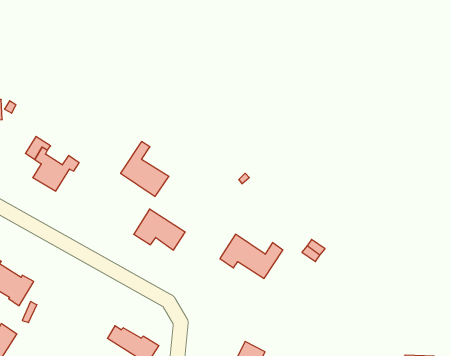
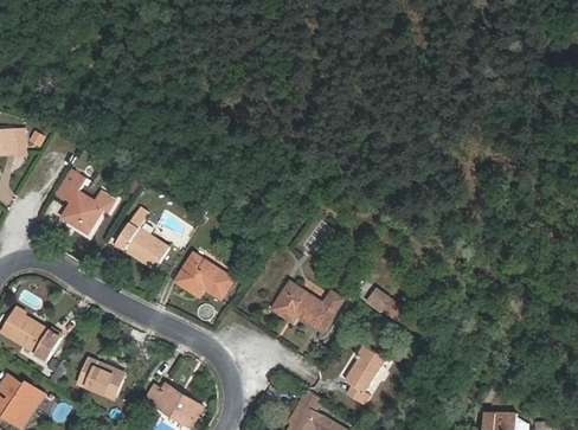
building: [121,142,169,196] -> [115,207,169,269]
building: none -> [345,344,386,404]
building: none -> [78,362,124,398]

